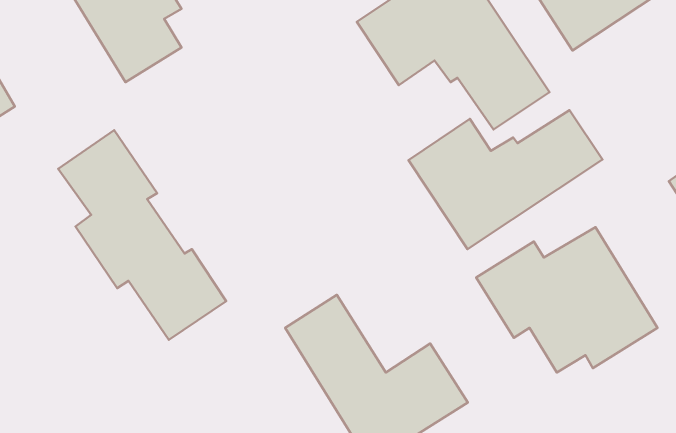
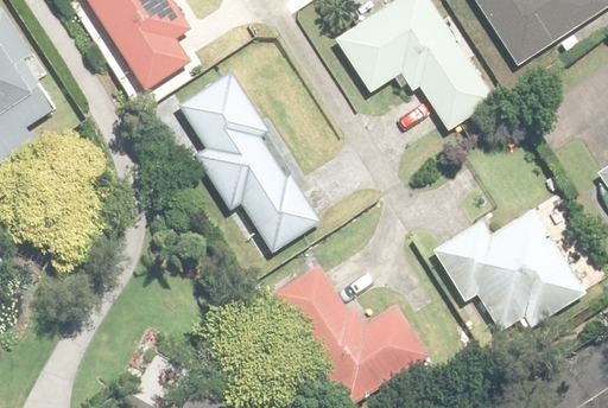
building: [408,110,602,249] -> none
building: [58,130,226,340] -> [183,76,322,249]

